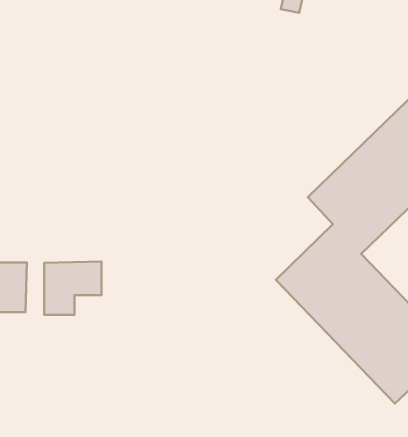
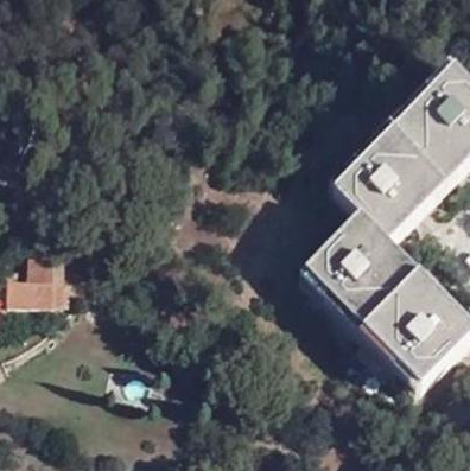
building: [44,262,102,315] -> none

